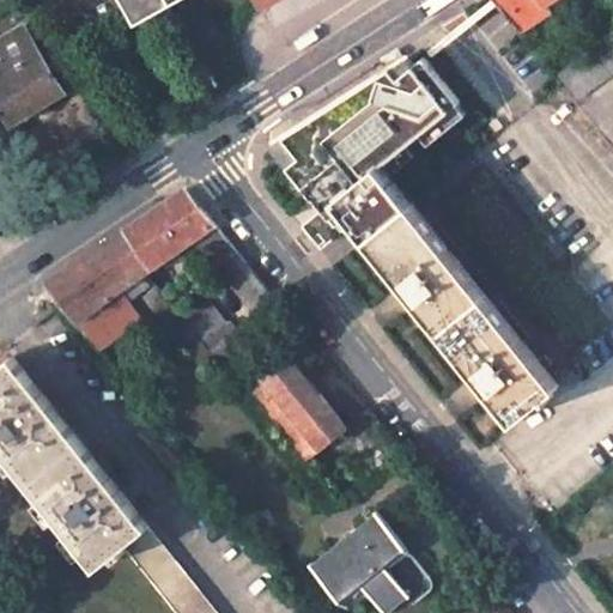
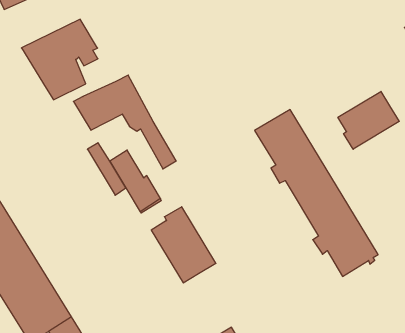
building: [284,65,461,244] -> none
building: none -> [338,91,399,149]
building: [43,237,148,351] -> [21,19,98,100]

